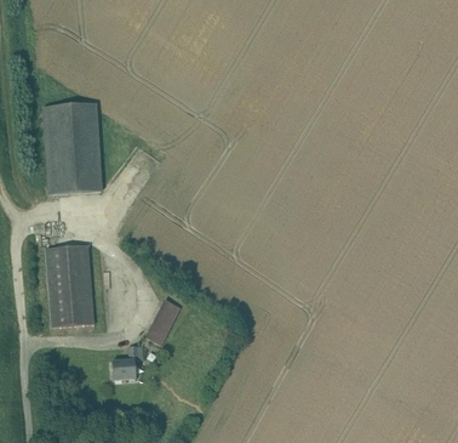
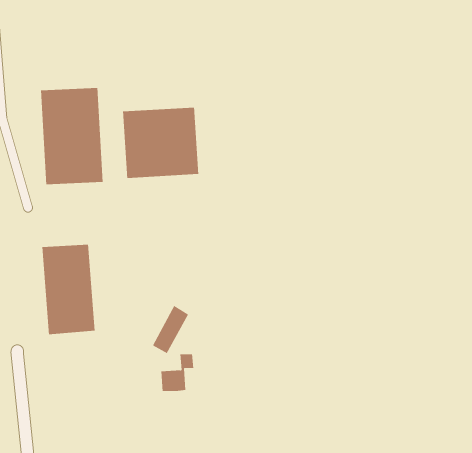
building: none -> [123,107,199,179]
building: [111,345,142,379] -> [160,354,194,392]

